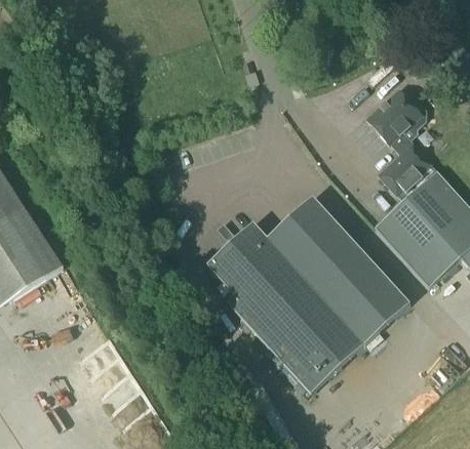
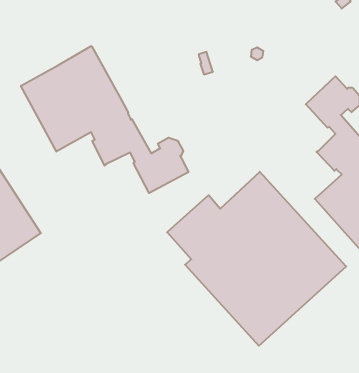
building: none -> [21,46,188,193]

